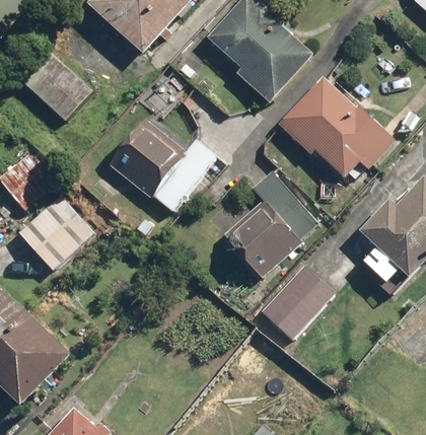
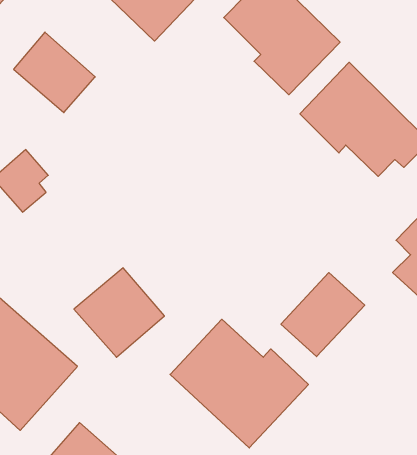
building: [105,117,221,217] -> none
building: [222,169,320,277] -> none
building: [14,190,96,271] -> [74,268,164,357]
building: none -> [170,319,308,448]

